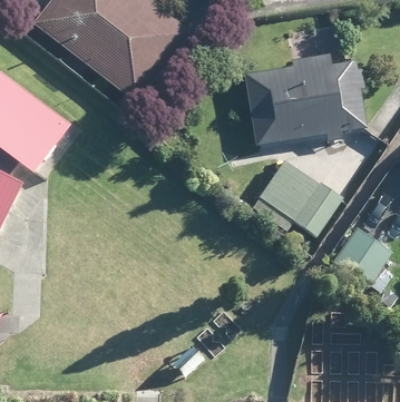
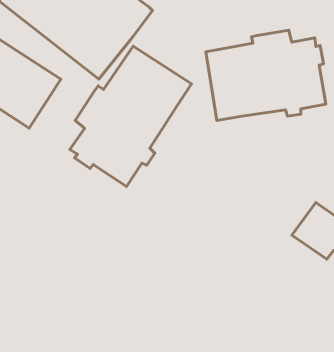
building: none -> [70,46,192,187]
building: [258,161,342,239] -> none

